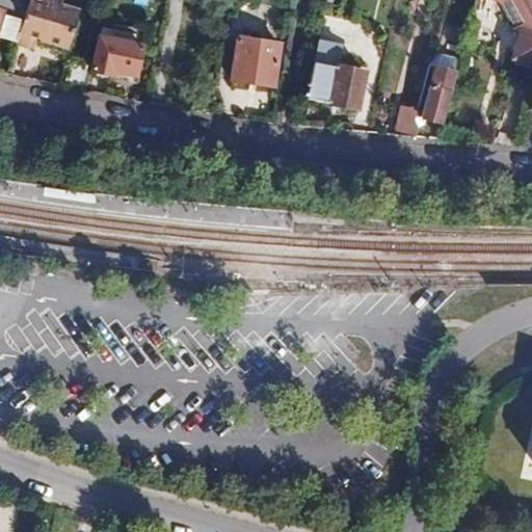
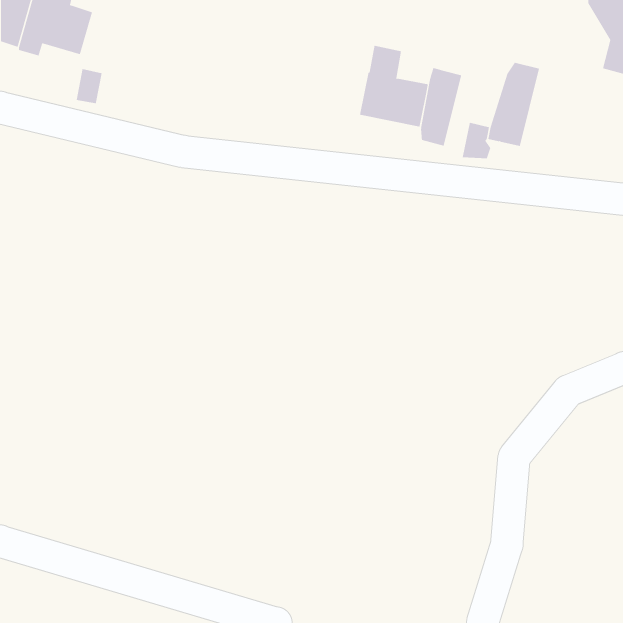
building: [91,35,142,76] -> none
building: [233,36,281,85] -> none
building: none -> [421,67,462,146]

